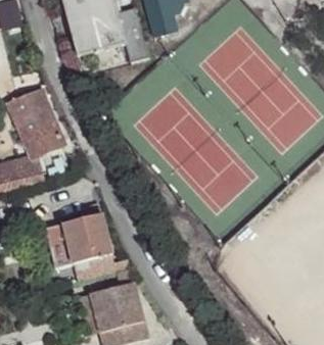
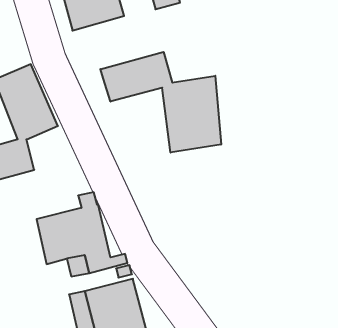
building: none -> [100,52,221,153]

